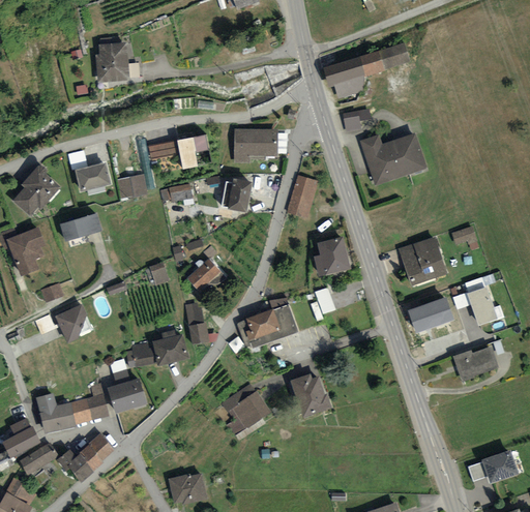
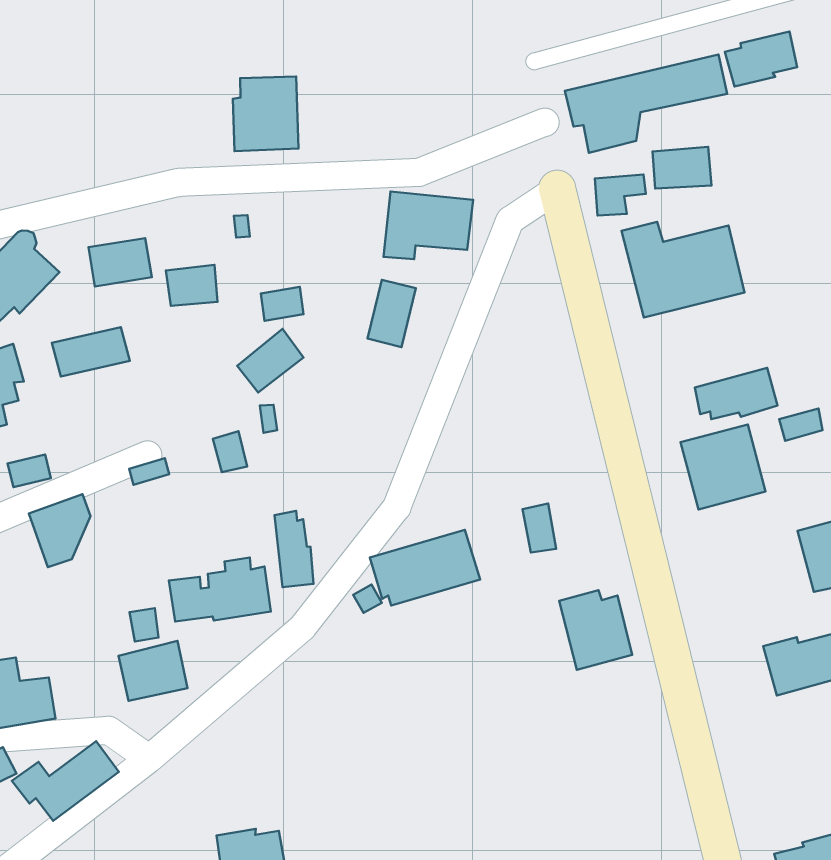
building: none -> [725,32,797,86]
building: [94,40,131,83] -> [233,77,298,151]
building: none -> [652,147,712,189]
building: [177,133,211,169] -> none
building: [286,175,318,218] -> none
building: none -> [695,368,777,419]
building: [314,236,351,275] -> none
building: [185,258,220,293] -> [237,329,303,393]
building: [408,296,453,332] -> none
building: [289,372,330,416] -> [559,590,632,670]
building: [223,383,271,439] -> none
building: [71,384,109,424] -> none

